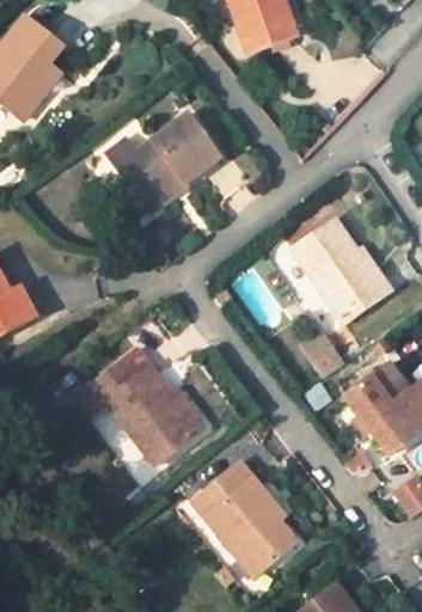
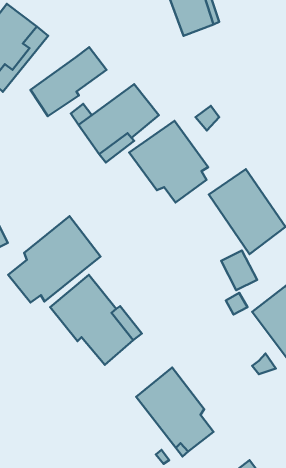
building: none -> [30,47,106,116]
building: none -> [129,121,208,203]
building: none -> [8,216,100,303]

